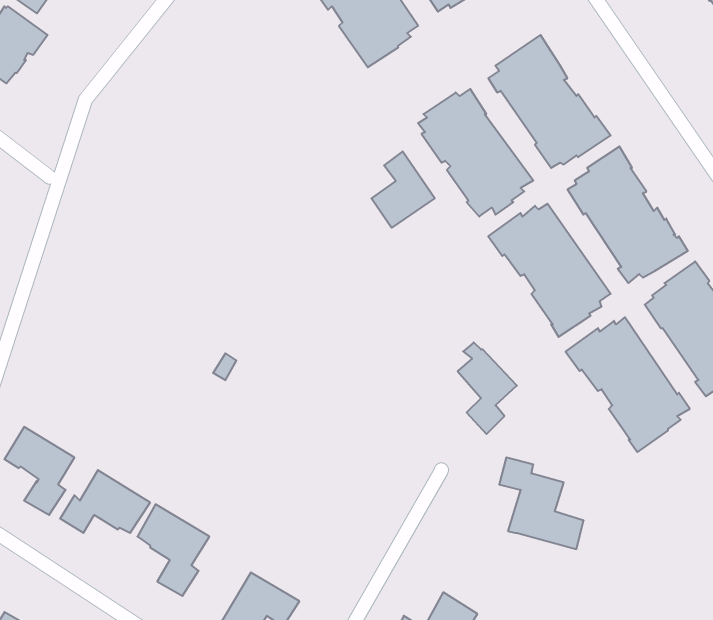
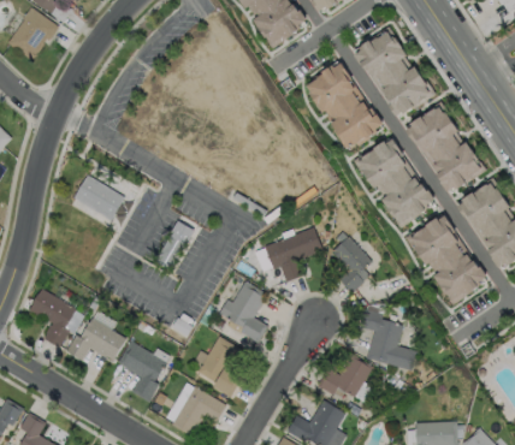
building: [371,151,435,228] -> none
building: none -> [72,174,124,220]
building: none -> [264,227,321,281]
building: none -> [219,280,267,343]
building: none -> [197,336,242,397]
building: none -> [318,355,373,397]

